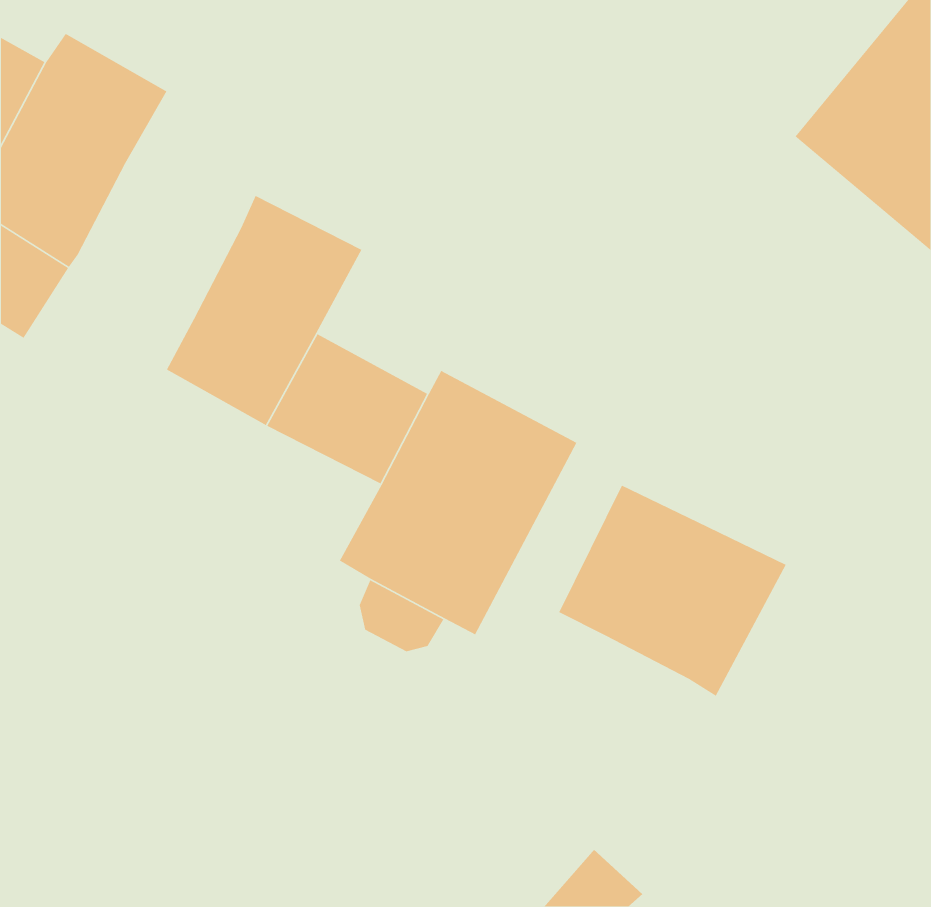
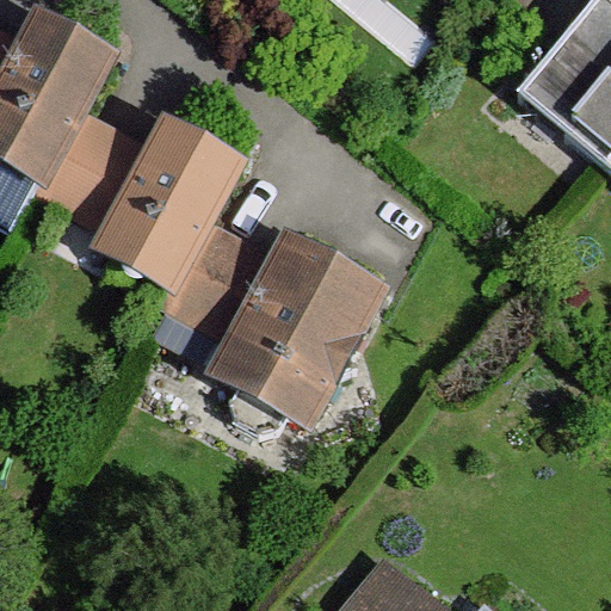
building: none -> [51,107,158,209]
building: [558,484,787,697] -> none

